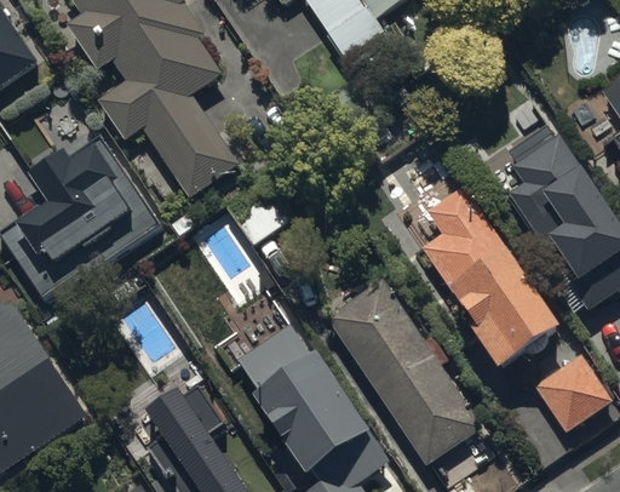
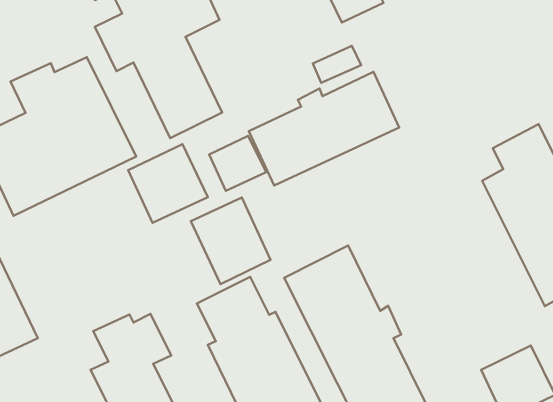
building: none -> [249,72,399,185]
building: [423,187,564,376] -> none
building: none -> [128,144,208,223]
building: none -> [191,198,271,284]

